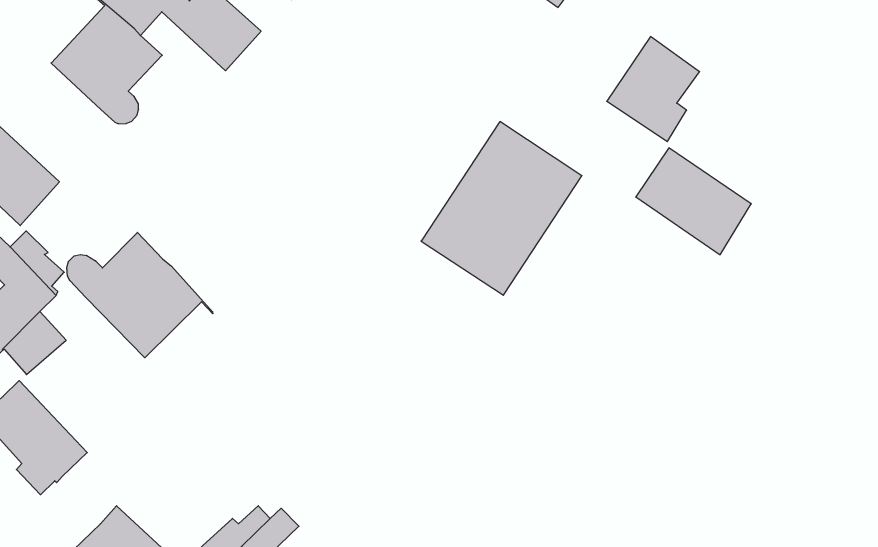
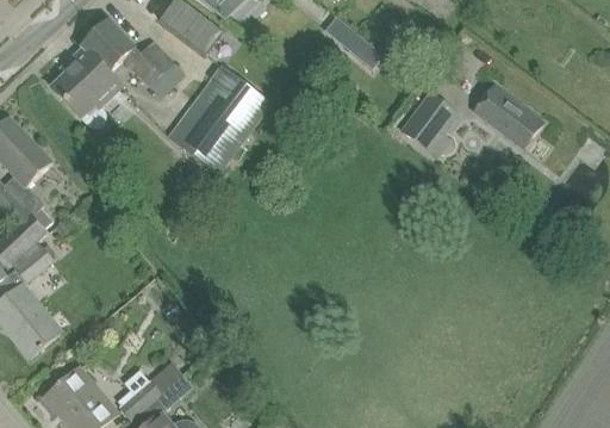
building: [421,122,582,295] -> [168,63,272,173]
building: [636,148,751,255] -> [472,81,544,150]
building: [67,232,213,358] -> none

